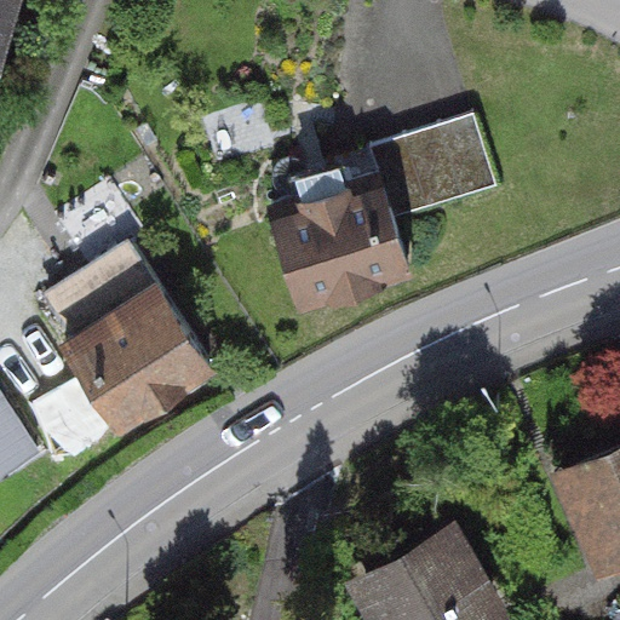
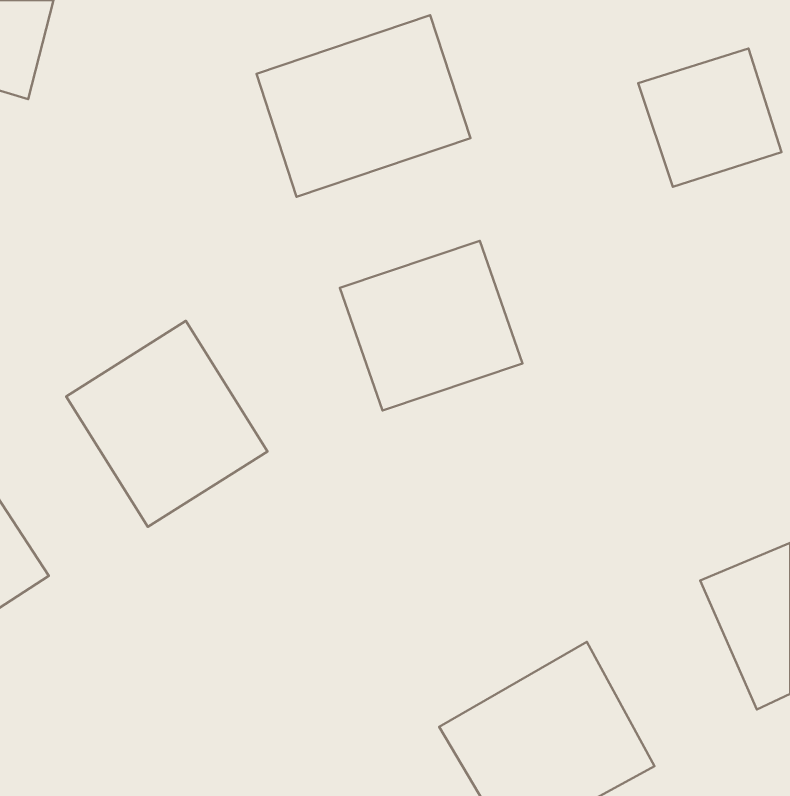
building: none -> [256,15,470,197]
building: [379,120,489,226] -> [638,48,782,187]

